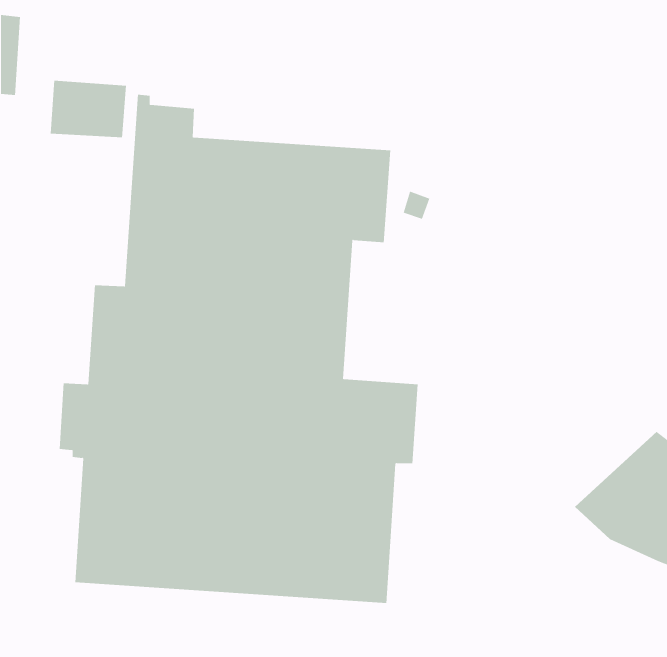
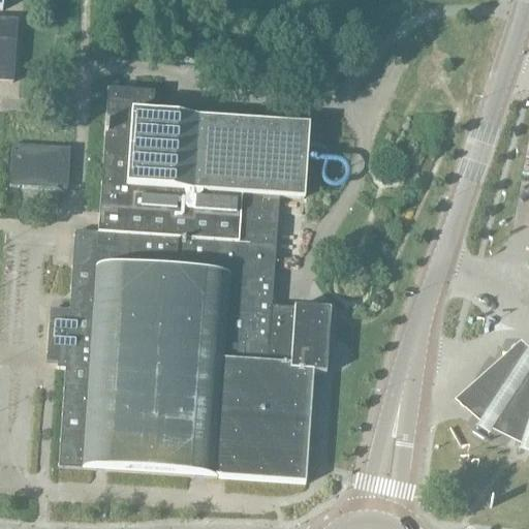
building: [50,80,127,138] -> [10,137,71,183]

